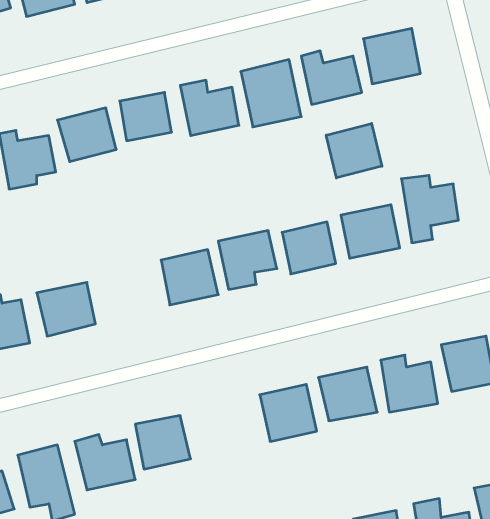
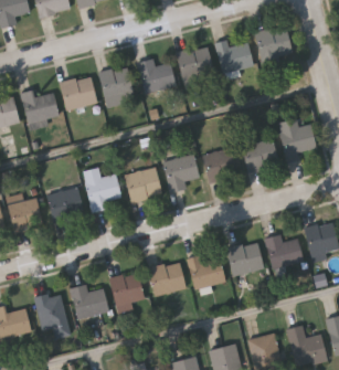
building: [326,123,382,178] -> none
building: none -> [84,168,121,213]
building: none -> [147,262,186,298]

